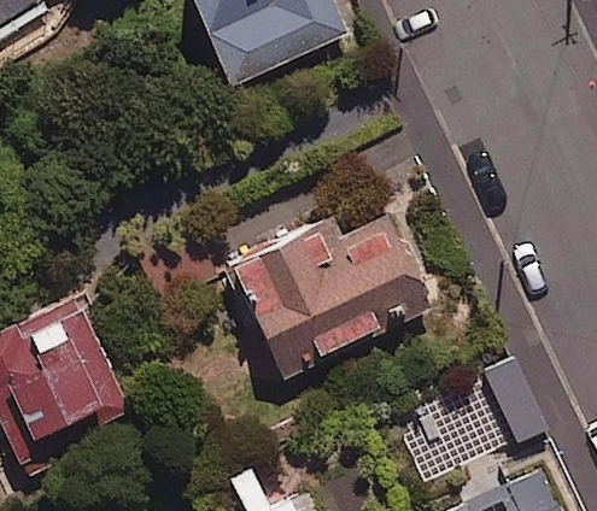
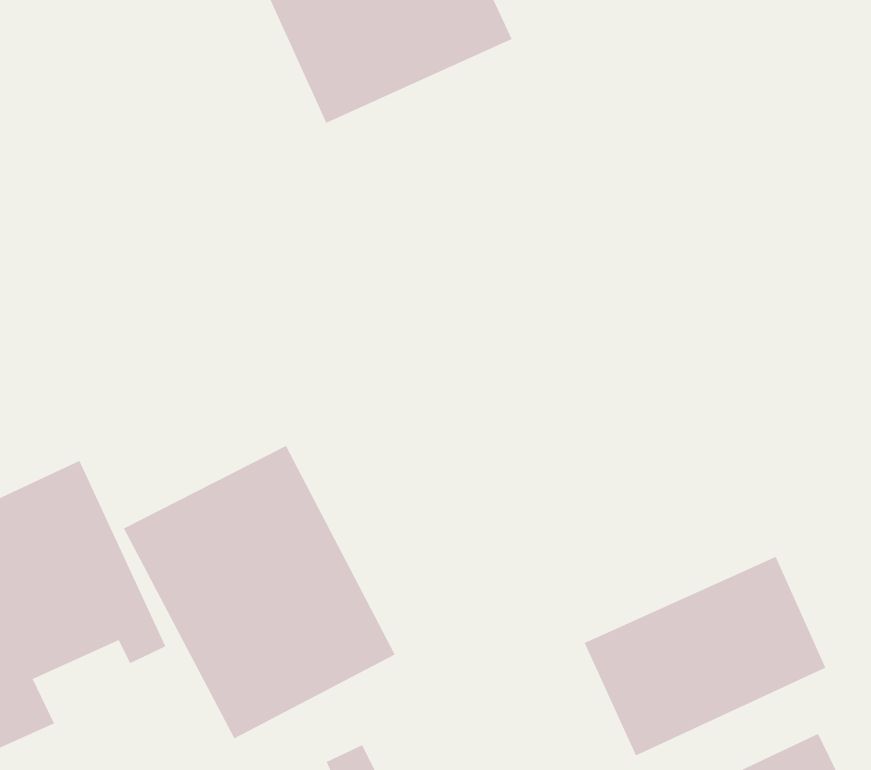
building: [230,218,425,375] -> none
building: none -> [123,445,395,739]

